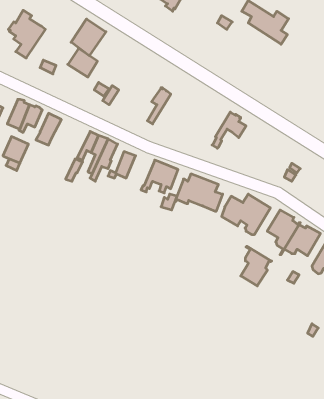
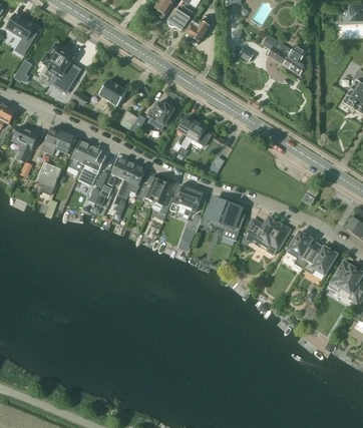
building: [71,19,106,56] -> none
building: none -> [146,102,174,129]
building: [212,112,246,148] -> [178,122,211,156]
building: none -> [78,146,101,185]
building: none -> [153,180,173,215]
building: [241,246,272,286] -> none

